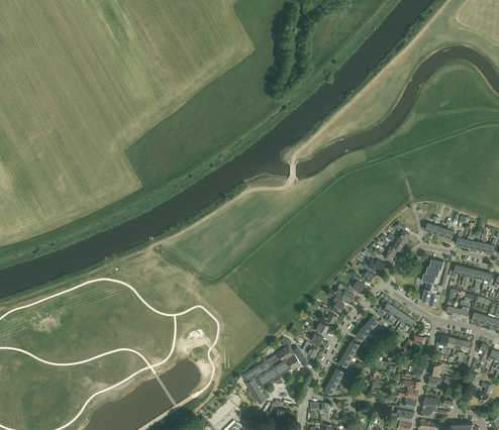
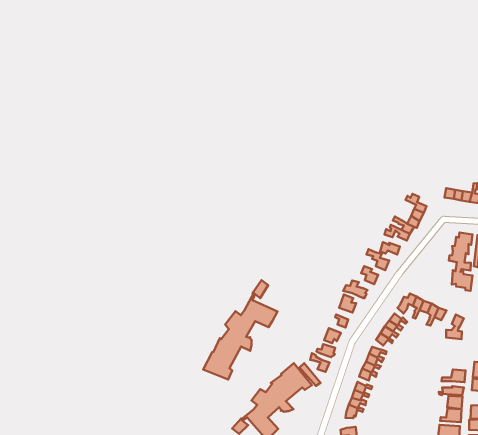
building: none -> [203,280,278,379]

